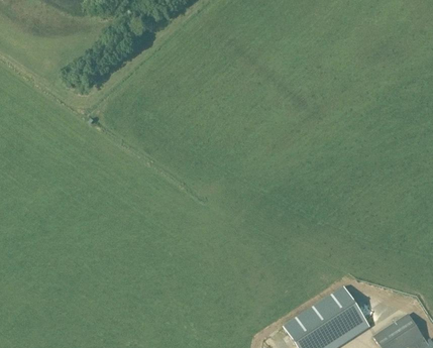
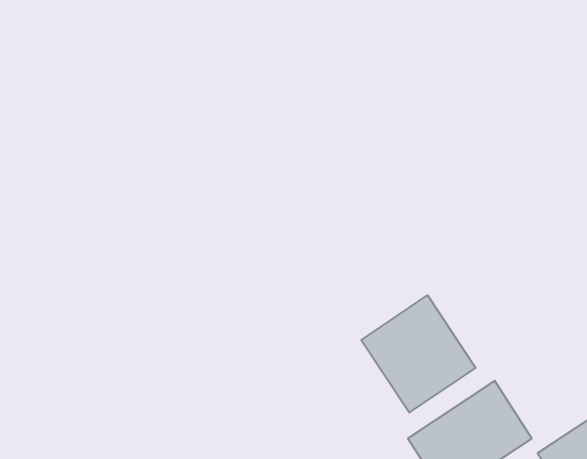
building: none -> [361,295,475,413]

